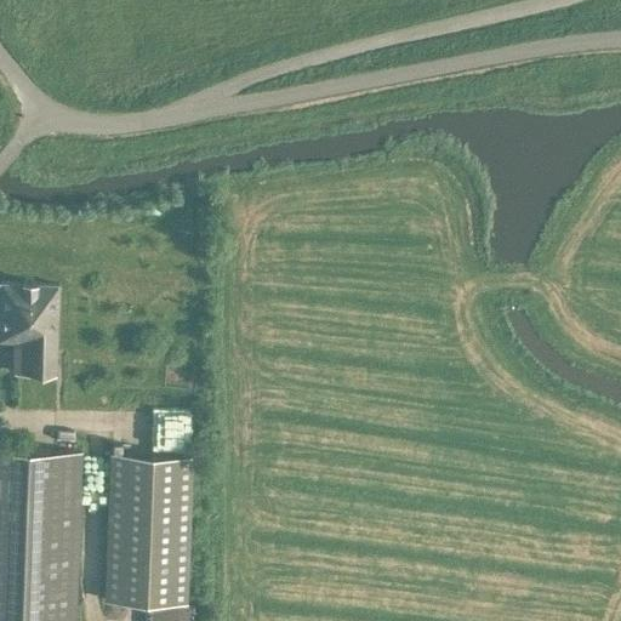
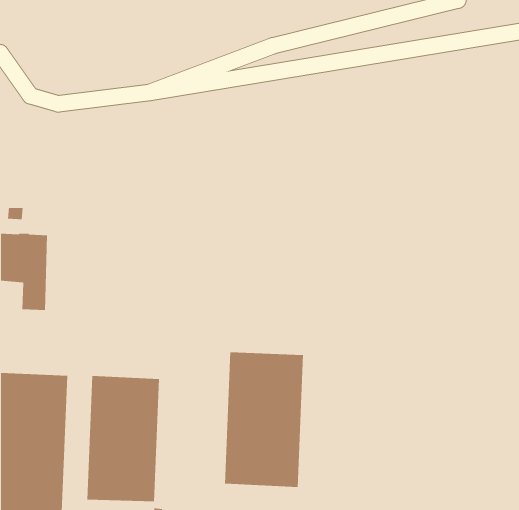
building: none -> [224,352,304,488]

